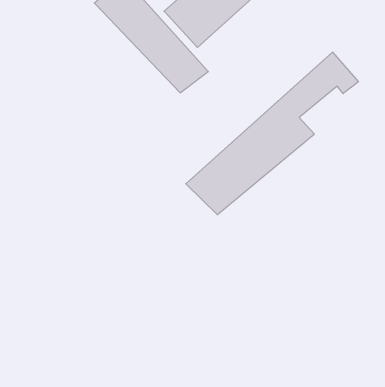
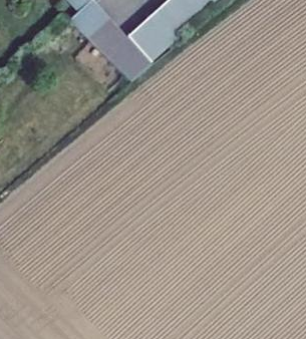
building: [186,52,358,215] -> none

